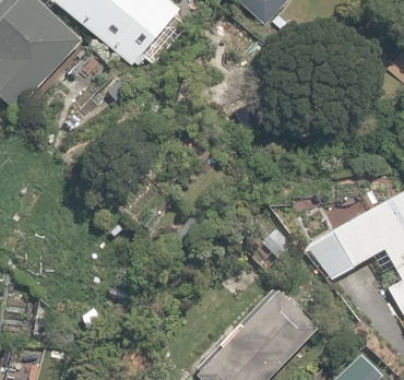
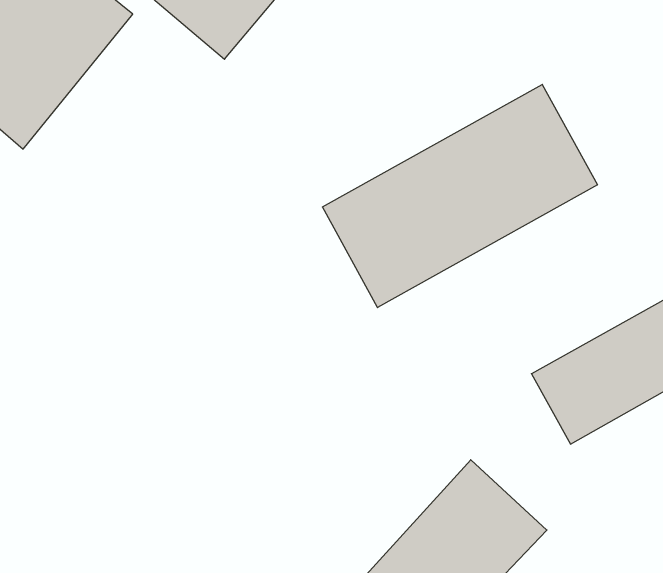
building: none -> [322,84,597,308]

